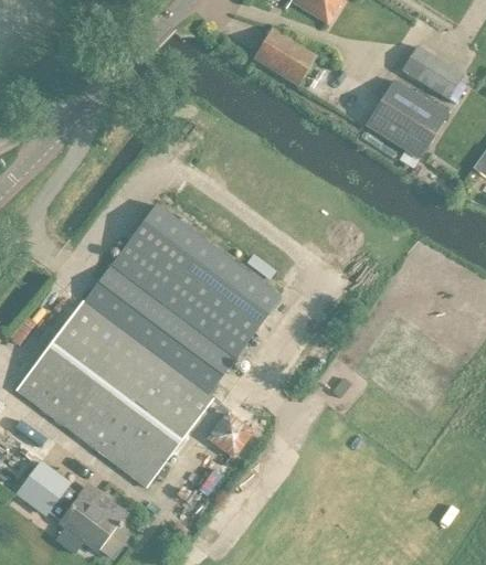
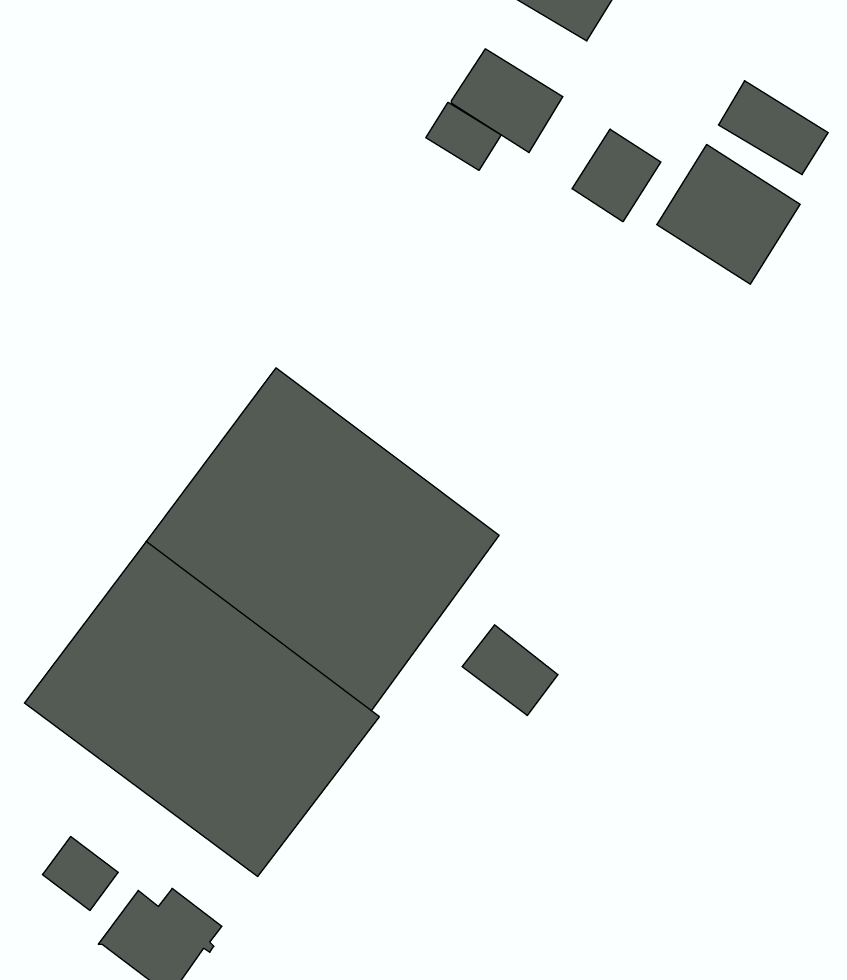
building: none -> [426,102,501,170]
building: none -> [572,129,661,222]
building: none -> [462,625,558,716]

